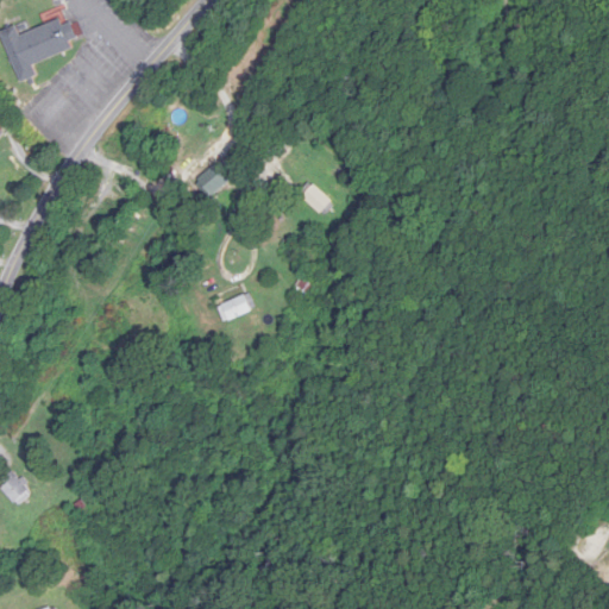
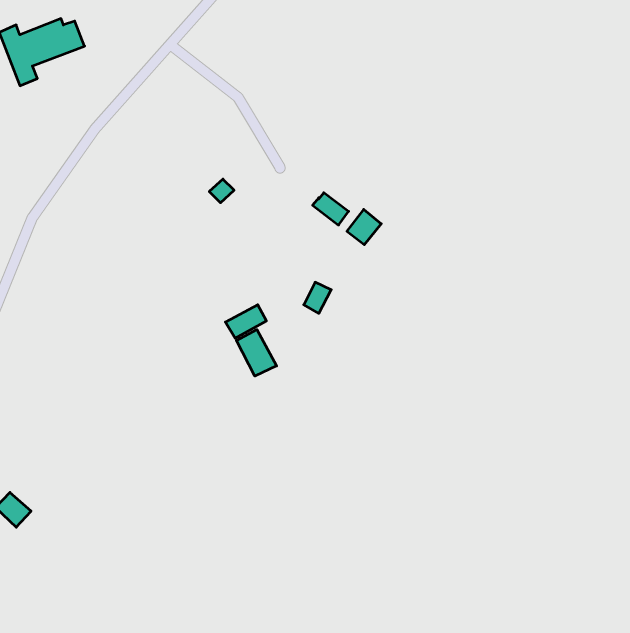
building: none -> [347,209,381,245]
building: none -> [236,330,277,376]

